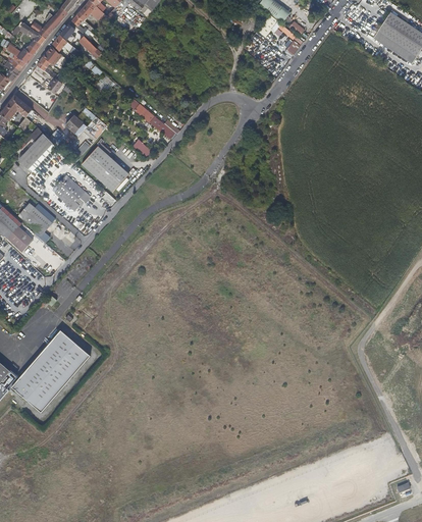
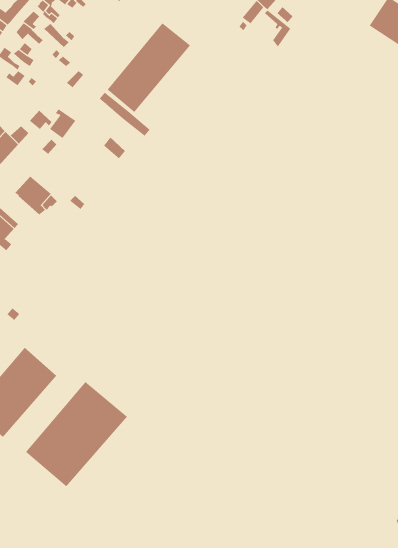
building: none -> [107,22,191,113]
building: [81,143,128,192] -> none
building: none -> [25,381,128,487]

